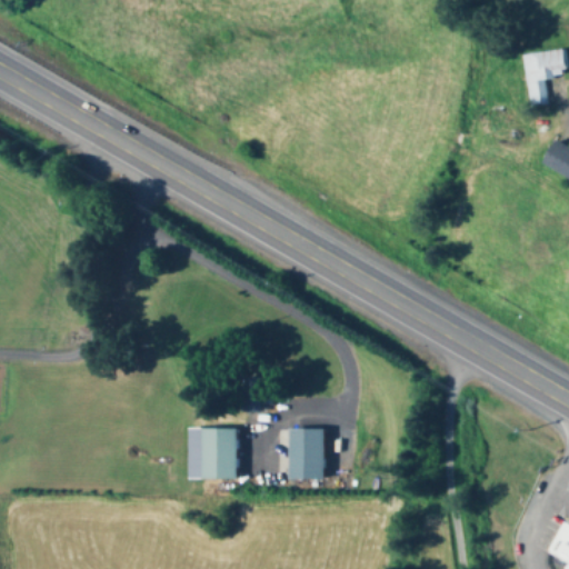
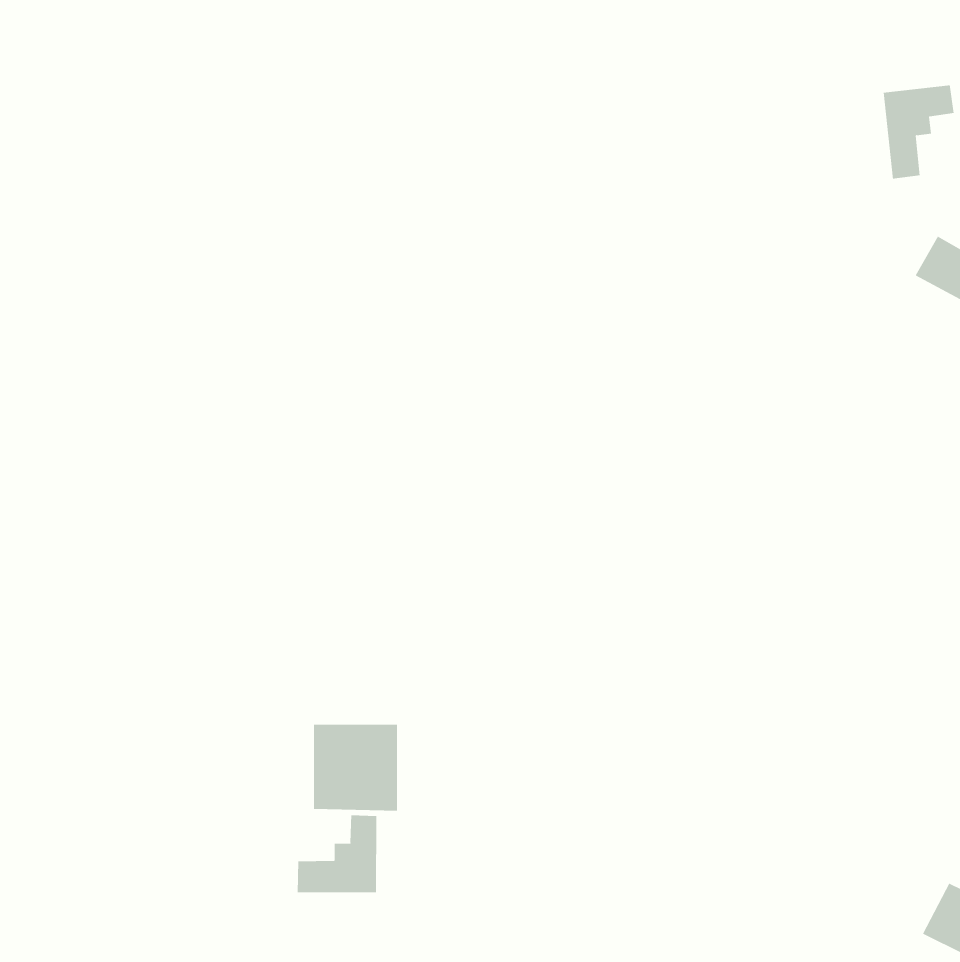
building: [296,427,331,478] -> none
building: none -> [297,815,377,893]

